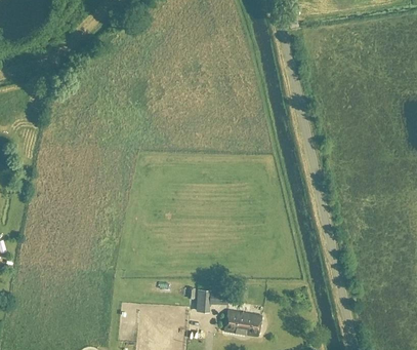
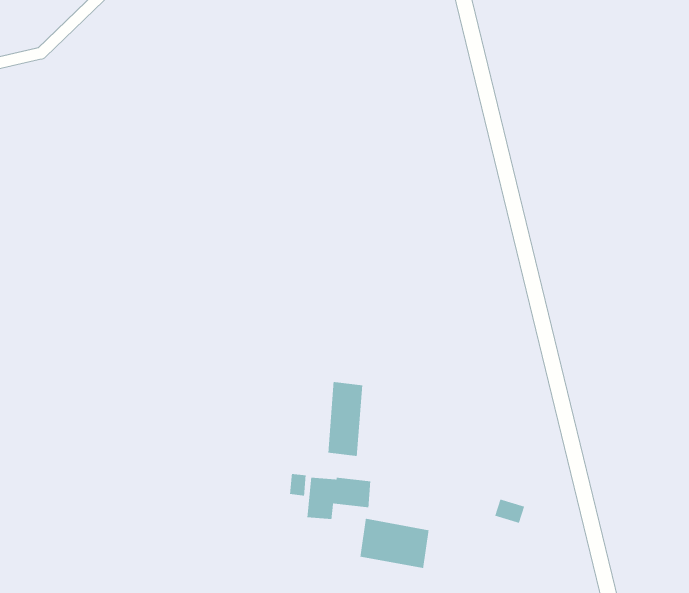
building: none -> [327,381,363,457]

